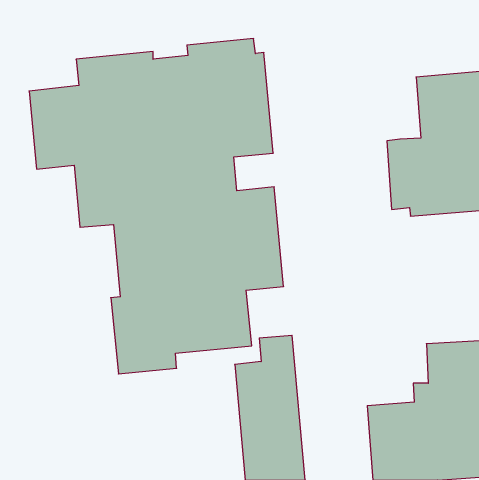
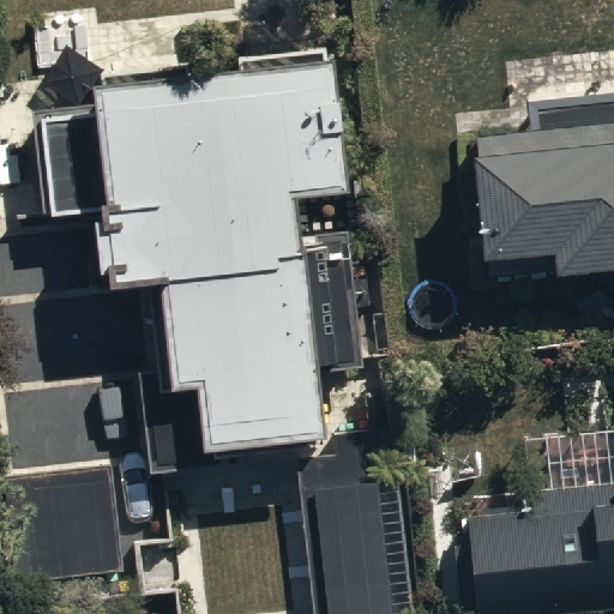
building: none -> [6,463,122,579]

